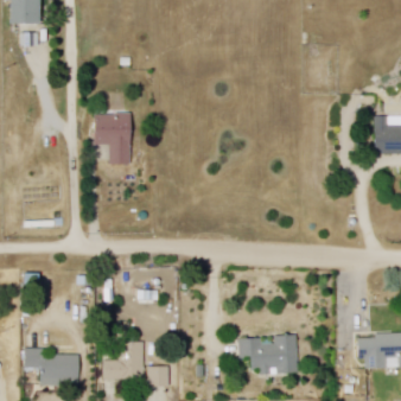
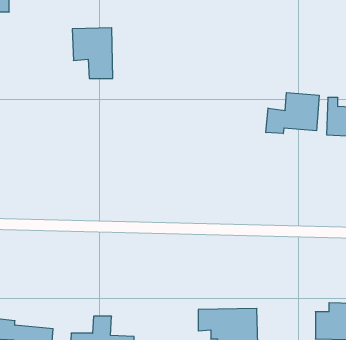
building: none -> [266,93,319,134]
building: [91,112,134,165] -> [72,28,113,78]

